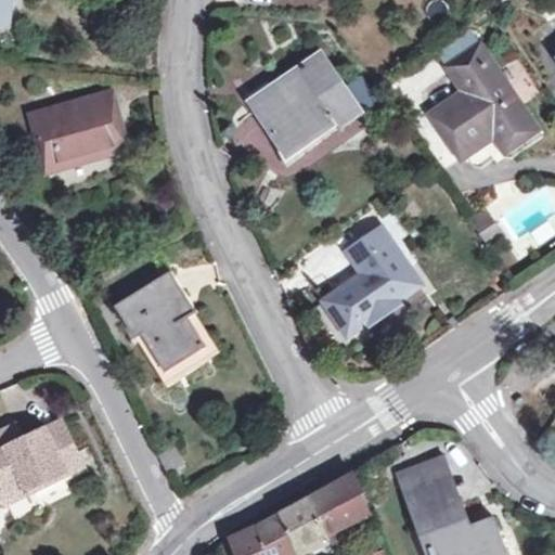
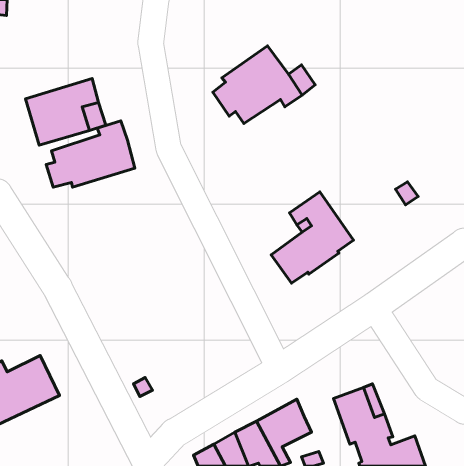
building: [429,46,535,159] -> none
building: none -> [46,121,135,187]
building: [113,271,203,372] -> none

